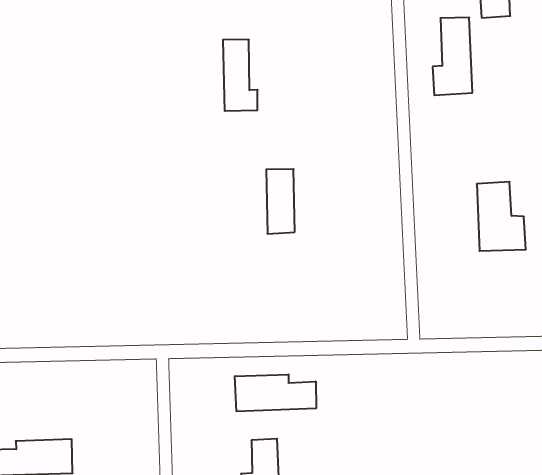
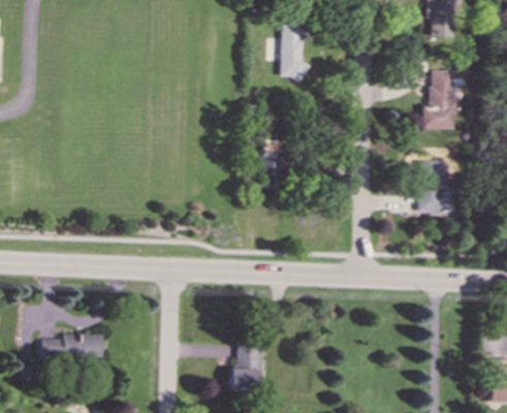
building: [433,18,472,95] -> [423,70,453,128]
building: [223,40,258,111] -> [281,24,307,78]
building: [235,374,316,411] -> none

